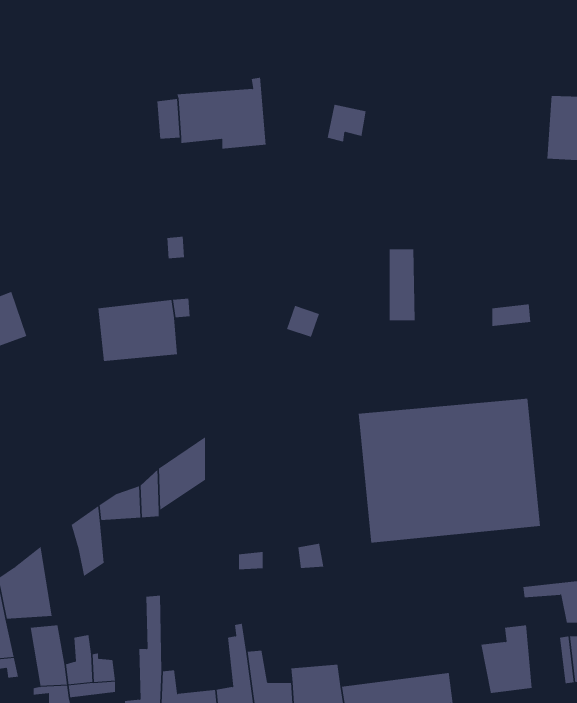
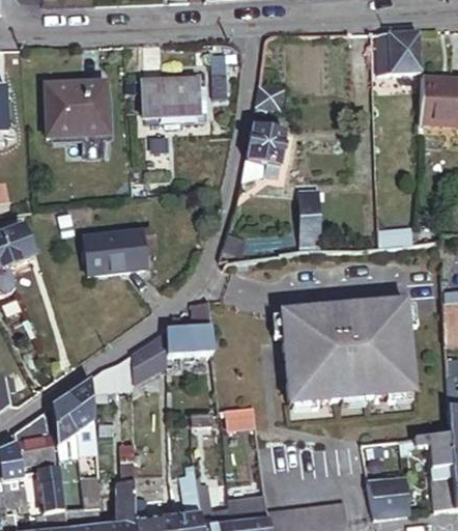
building: none -> [376,32,419,72]
building: none -> [47,80,111,139]
building: none -> [244,124,287,178]
building: none -> [167,304,212,356]
building: none -> [51,394,80,460]

